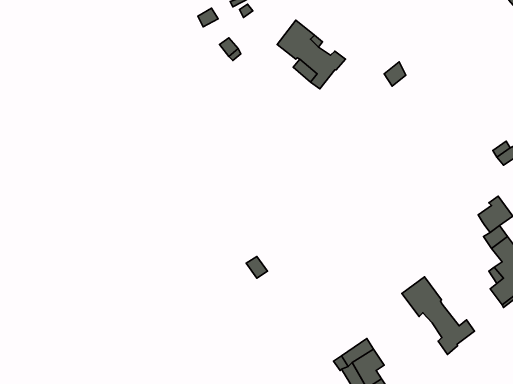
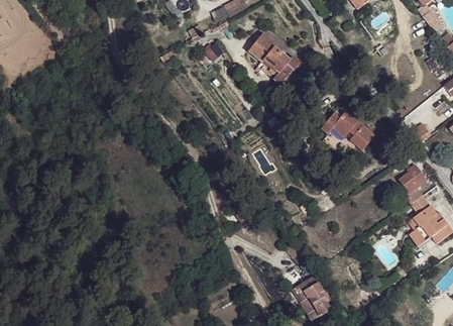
building: none -> [319,111,375,149]
building: [402,277,475,354] -> none

